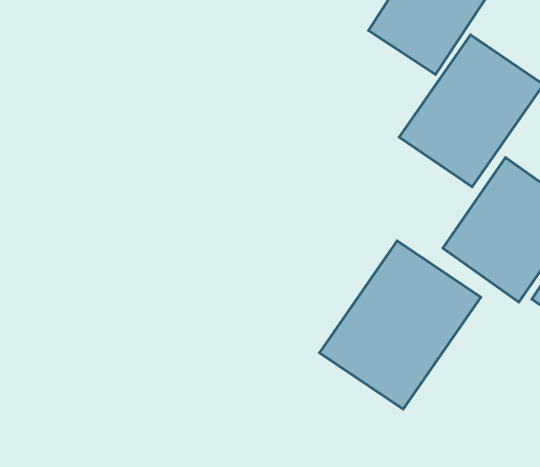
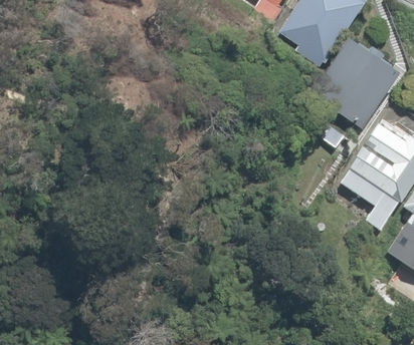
building: [320,241,481,409] -> none

